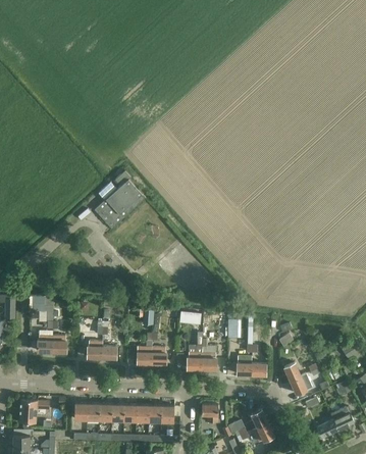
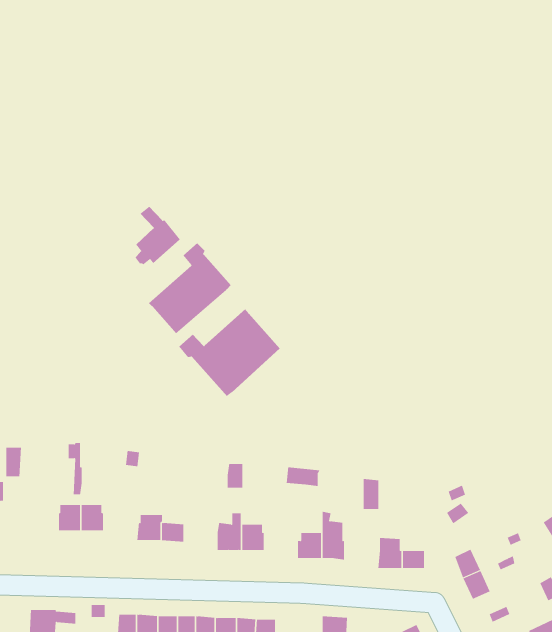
building: none -> [135,206,180,265]
building: none -> [178,309,281,397]

